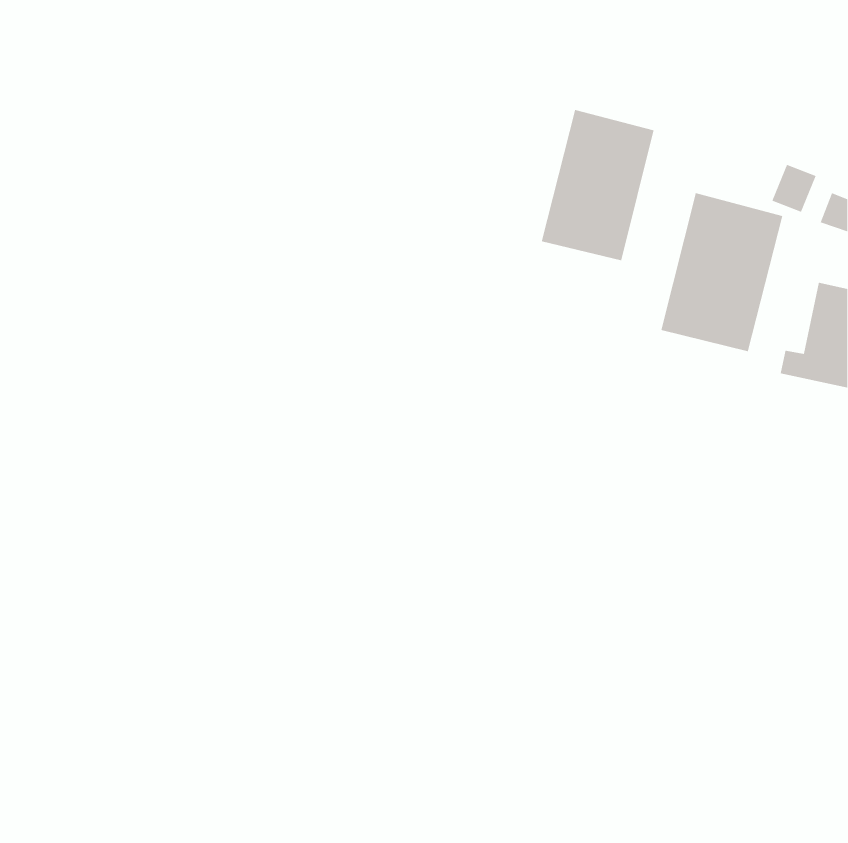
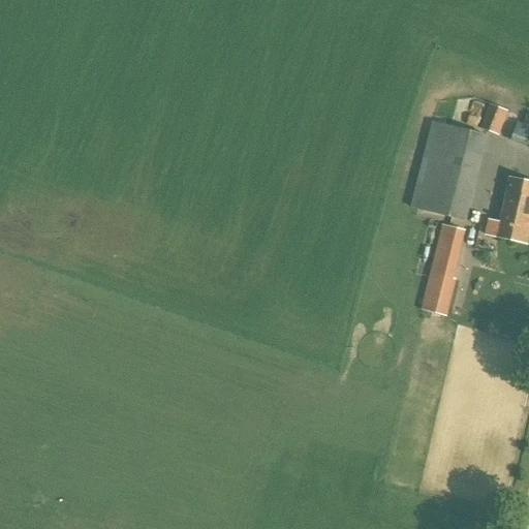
building: [541,109,654,261] -> none
building: none -> [422,223,465,314]

